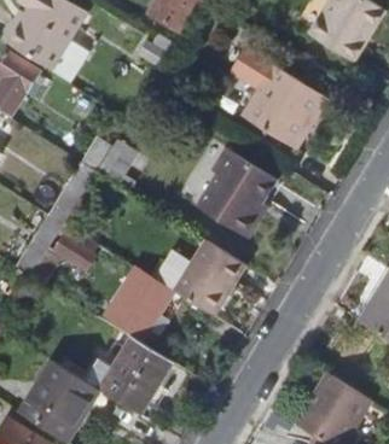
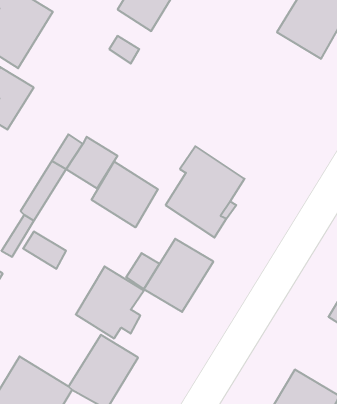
building: [231,48,326,150] -> none
building: none -> [92,162,158,227]

